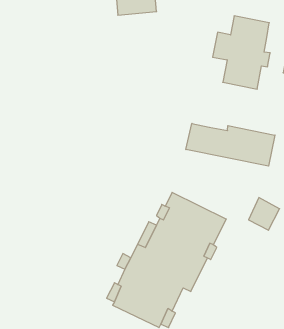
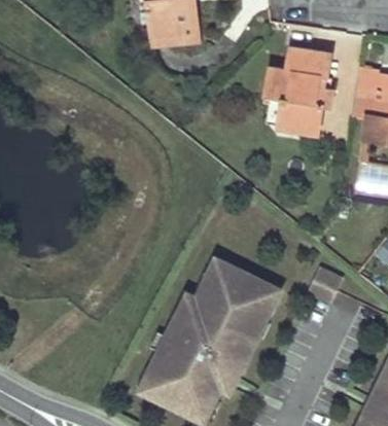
building: [186,123,275,166] -> none

